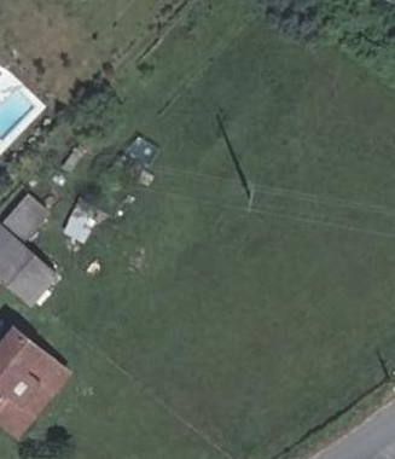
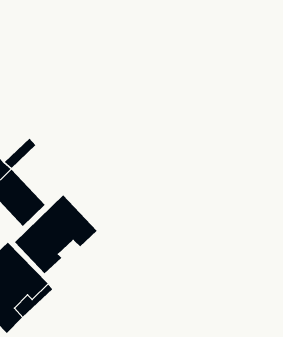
building: none -> [14,194,98,274]

